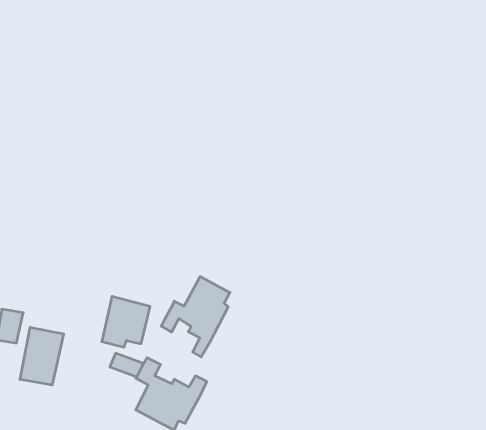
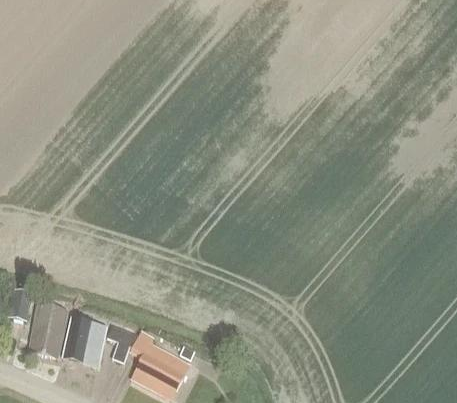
building: [161,277,230,357] -> none
building: [102,296,150,347] -> [64,317,107,362]

